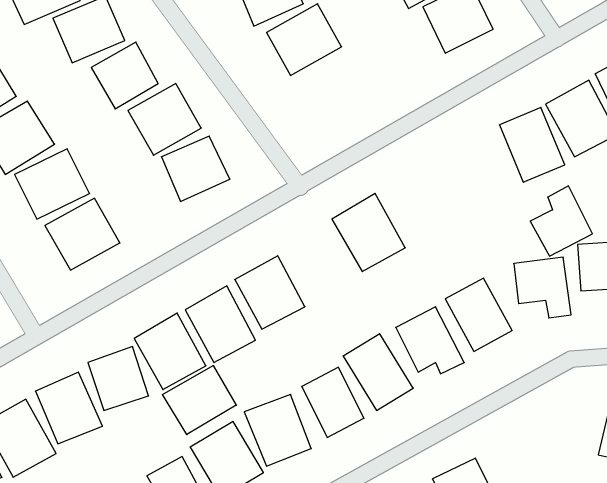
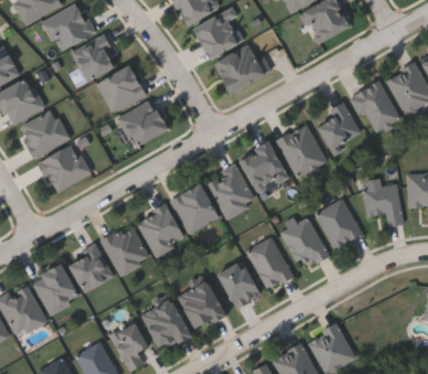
building: none -> [213,43,271,92]
building: none -> [277,124,327,178]
building: [530,186,592,256] -> [317,100,360,149]
building: none -> [206,164,255,218]
building: [162,366,236,435] -> none

